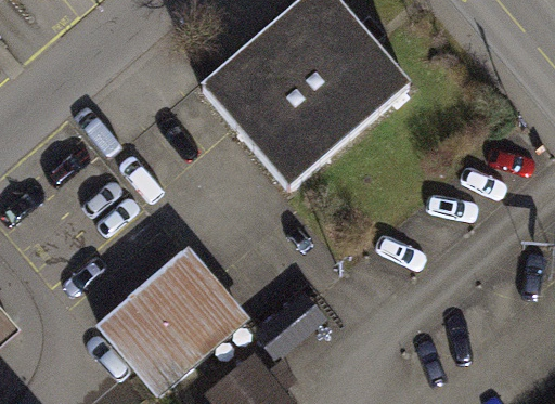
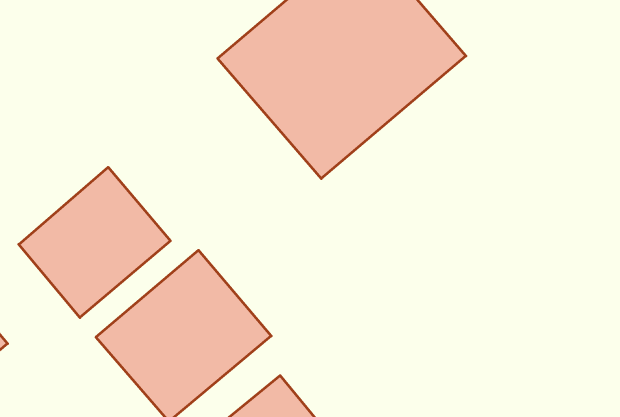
building: none -> [19,167,170,318]

